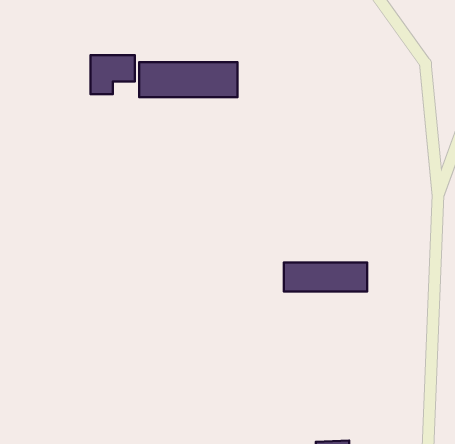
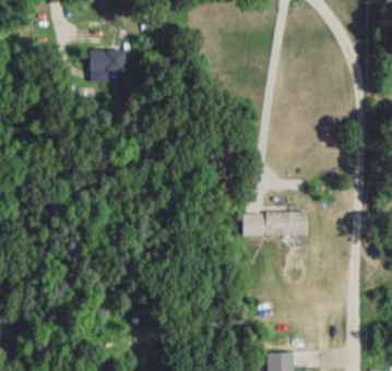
building: [139,62,238,97] -> none

